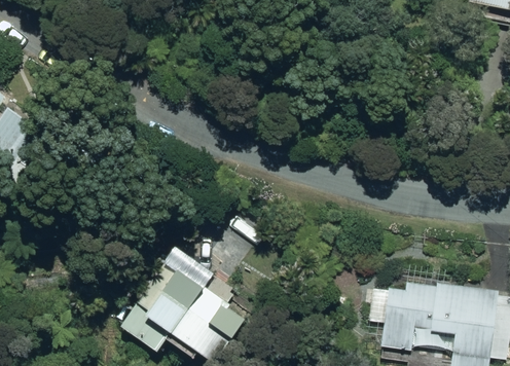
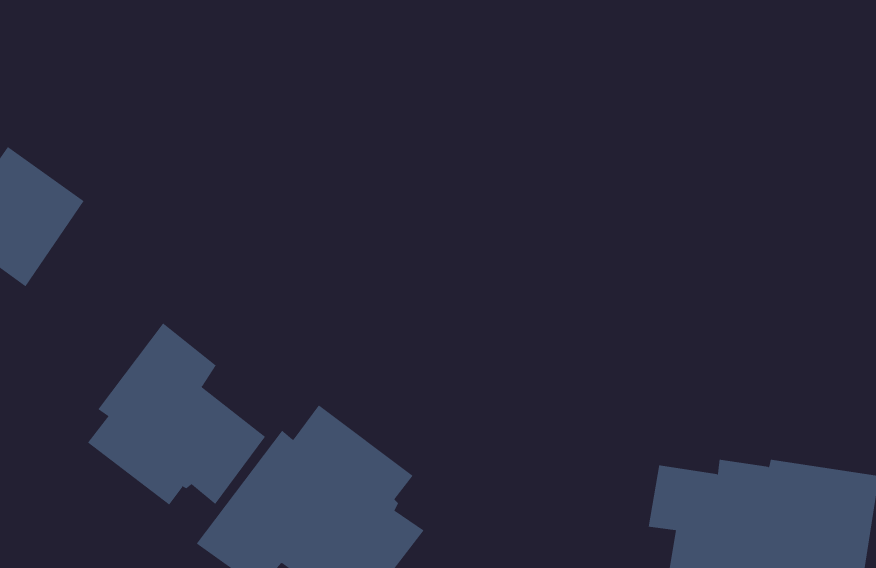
building: none -> [87,322,266,505]

